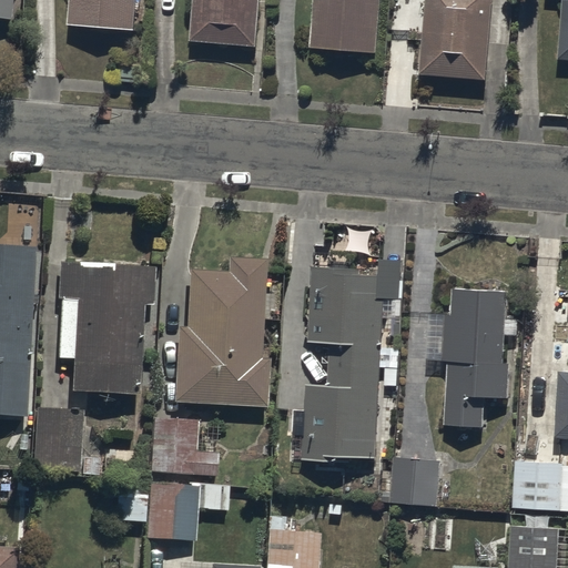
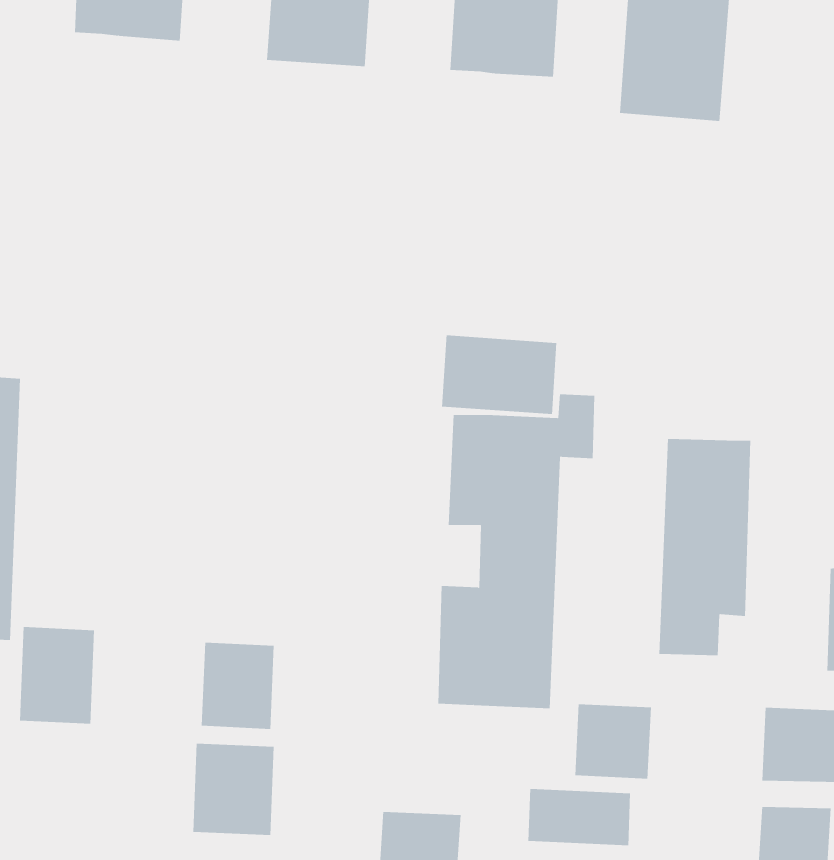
building: none -> [441,335,557,415]
building: [175,257,270,408] -> none
building: [57,262,153,396] -> none
building: none -> [528,788,631,846]

